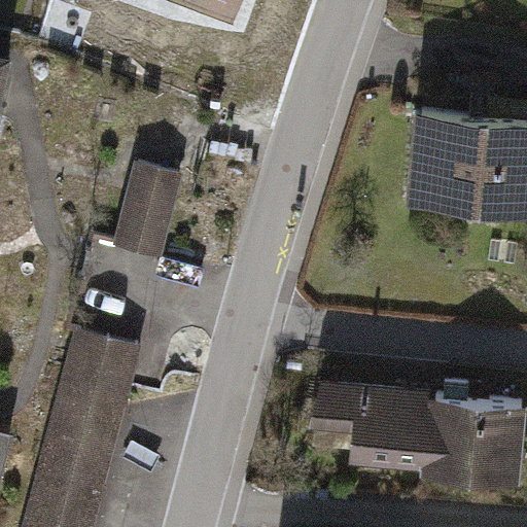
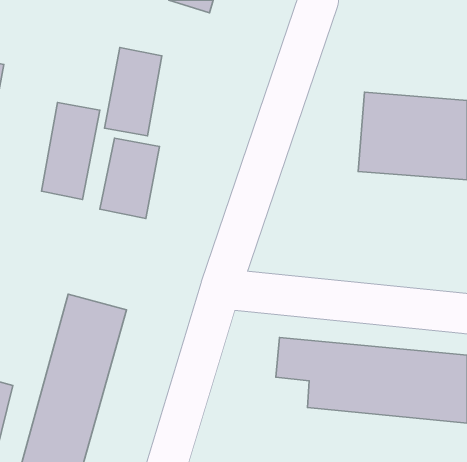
building: none -> [104,47,162,136]
building: none -> [42,103,100,199]

